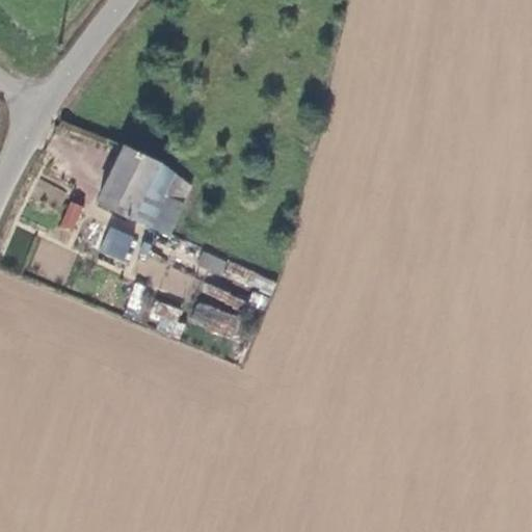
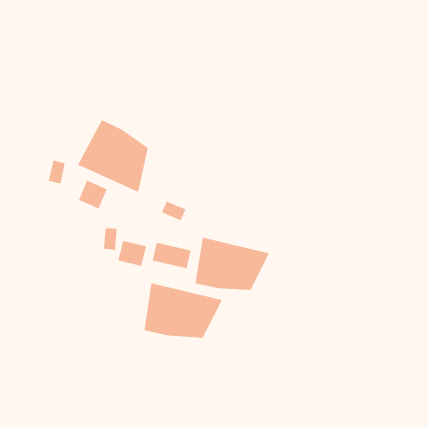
building: none -> [195,237,269,291]
building: none -> [144,283,222,338]

